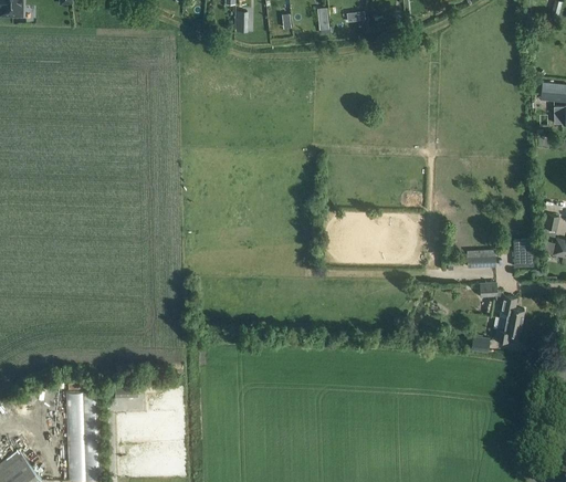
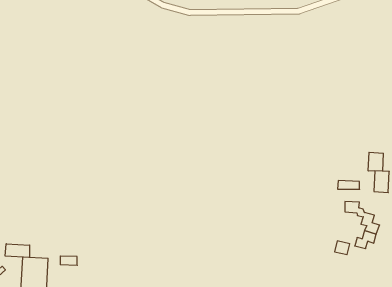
building: none -> [368,152,383,171]
building: none -> [5,244,30,257]

